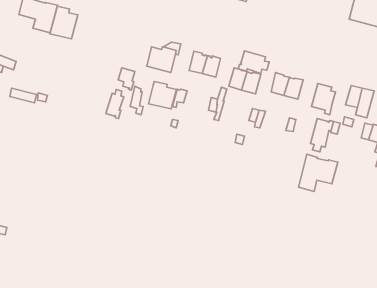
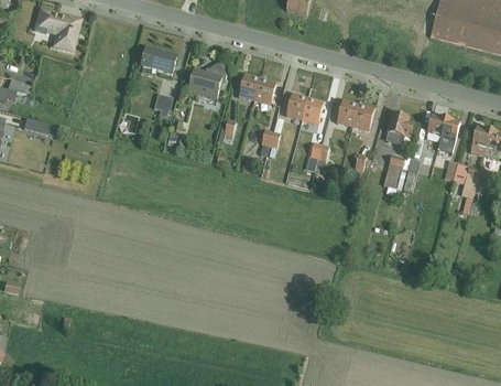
building: [50,6,78,39] -> none
building: none -> [141,49,176,76]
building: [238,51,269,73] -> none
building: [148,81,176,109] -> none
building: [106,89,124,119] -> none
building: [298,154,338,191] -> none

